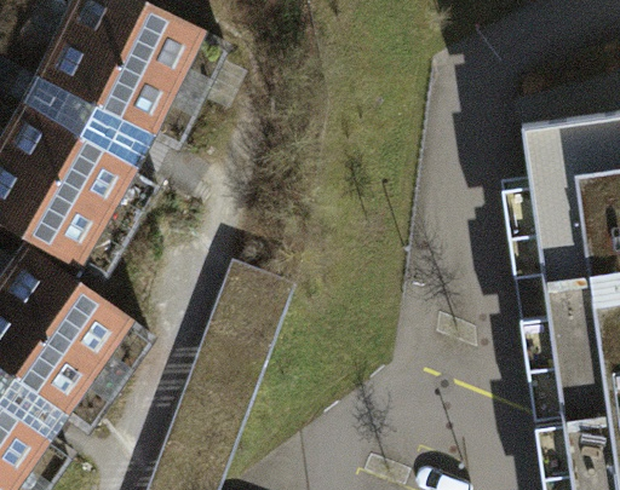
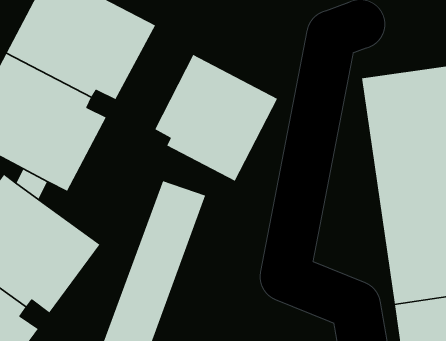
building: none -> [154,54,278,182]

